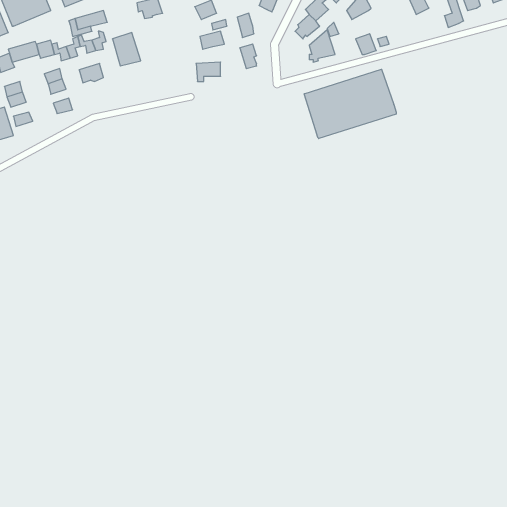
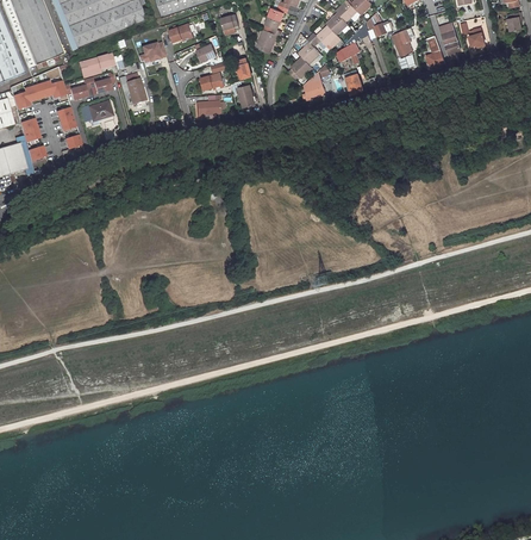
building: [304,69,396,139] -> none

